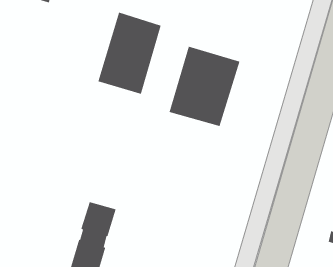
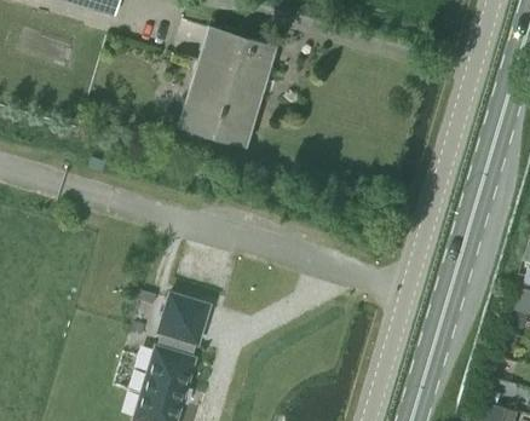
building: [169,46,240,127] -> none

